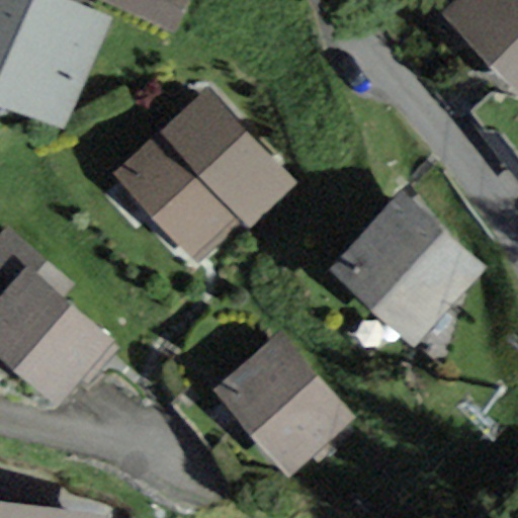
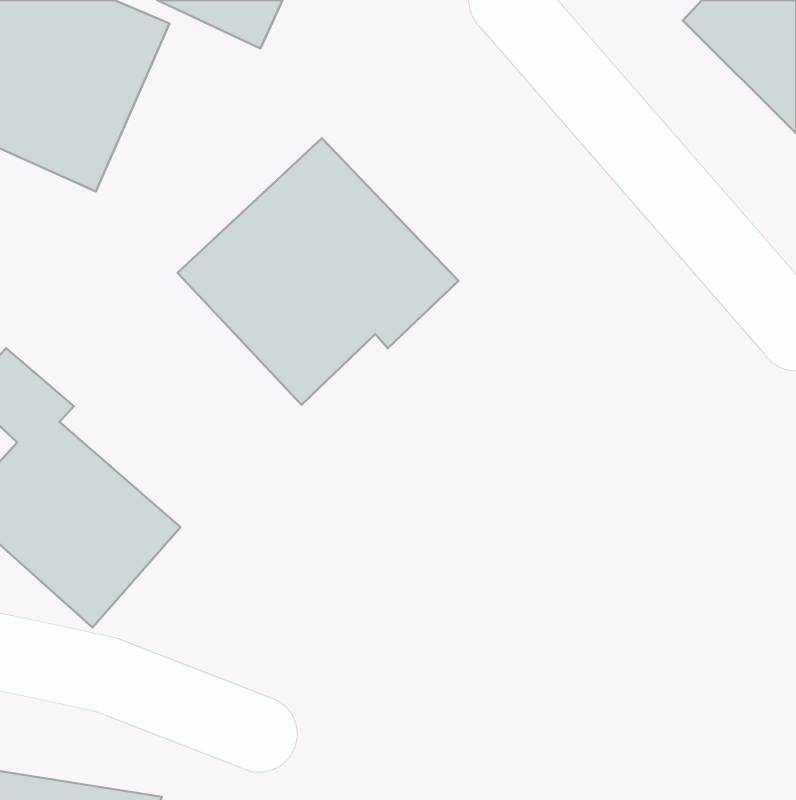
building: [332,190,483,341] -> none
building: [212,333,355,478] -> none

